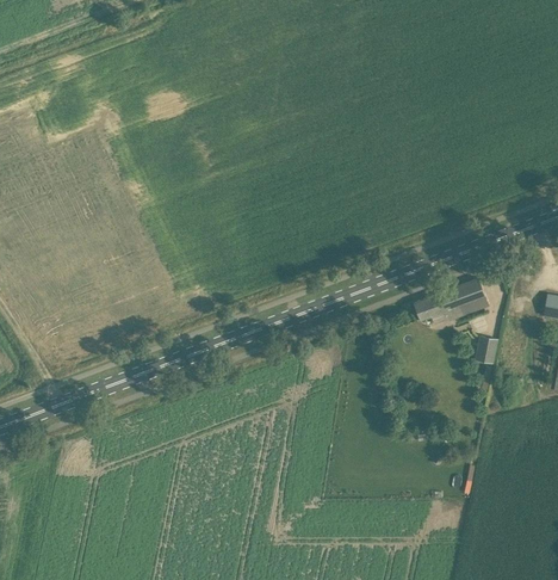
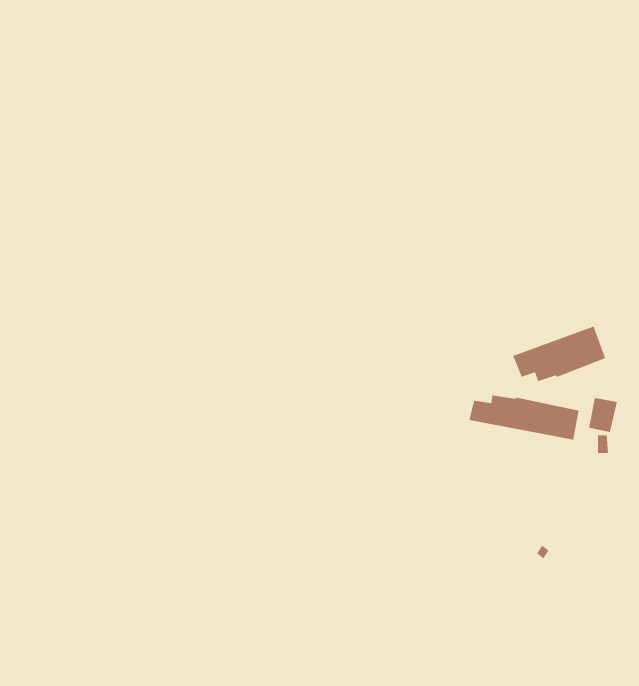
building: none -> [469,394,580,440]

